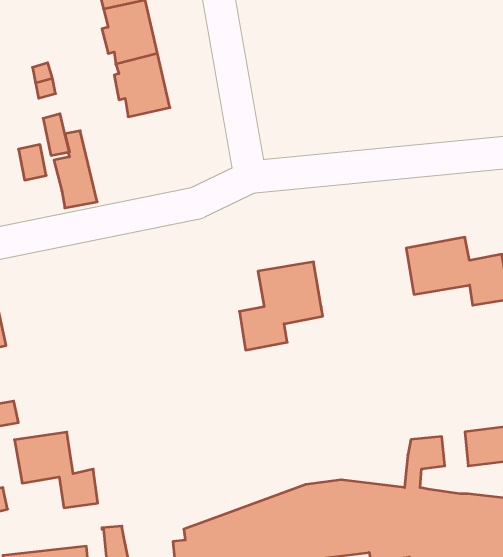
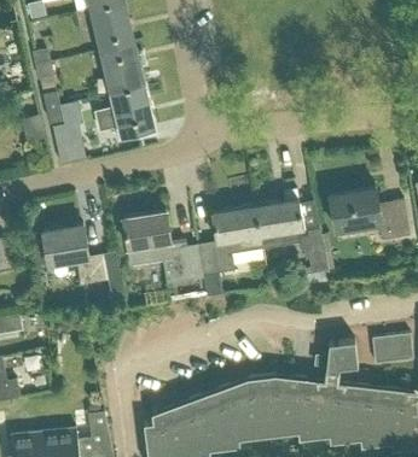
building: none -> [93,86,151,136]
building: none -> [254,199,327,274]
building: none -> [121,211,201,283]
building: [14,432,98,508] -> [41,225,106,285]

